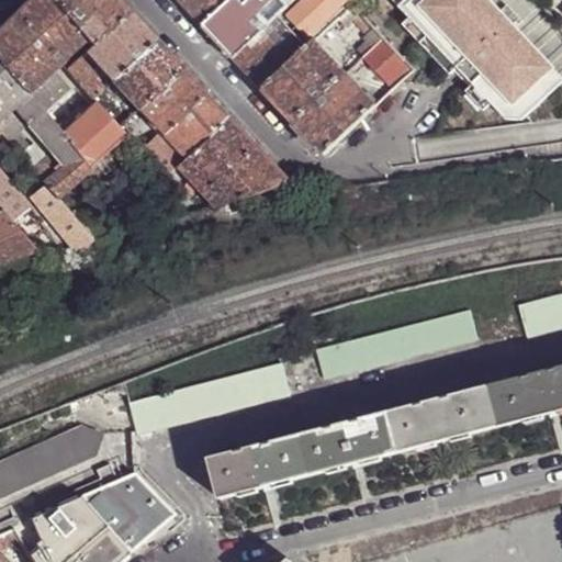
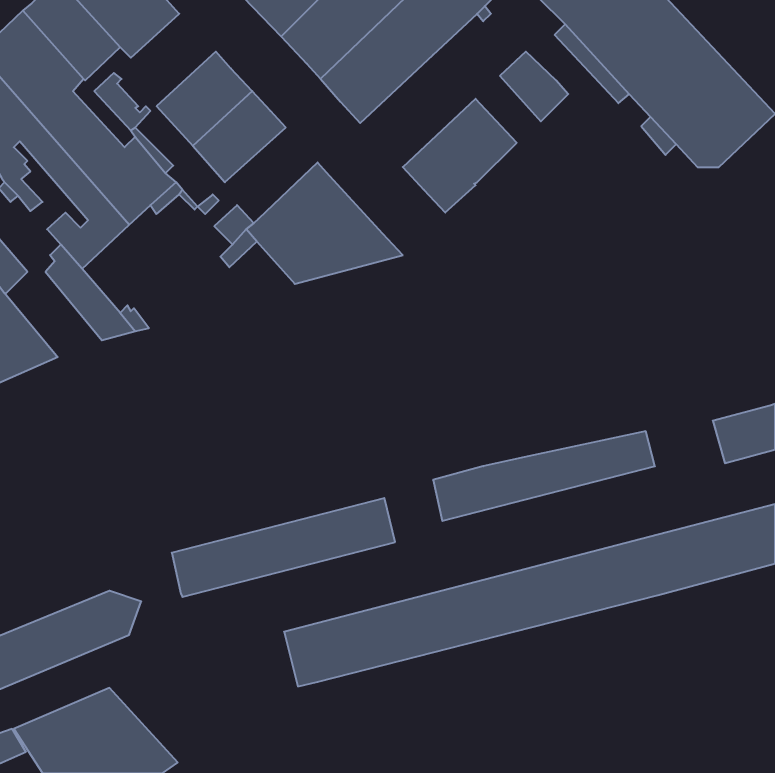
building: [87,10,156,77] -> none
building: [260,40,344,121] -> none
building: [162,92,229,158] -> none
building: [79,471,173,551] -> none

